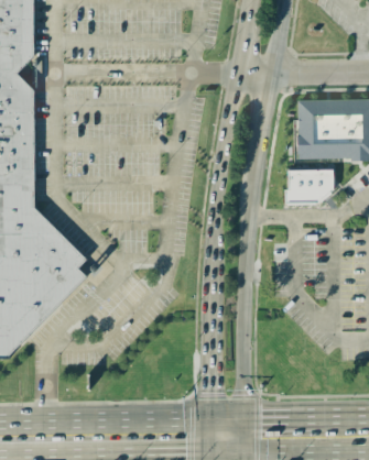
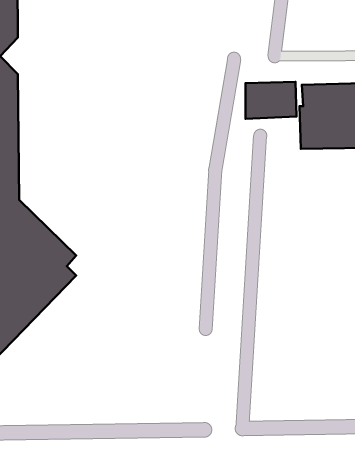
building: [286,168,334,202] -> [246,82,297,119]

